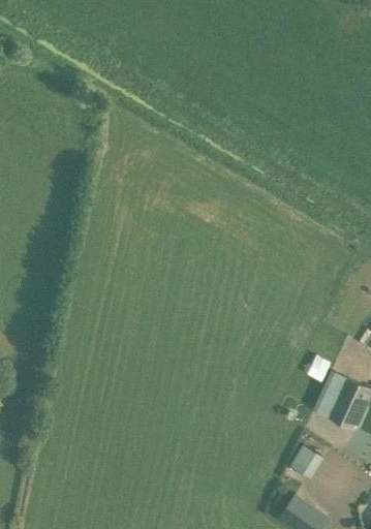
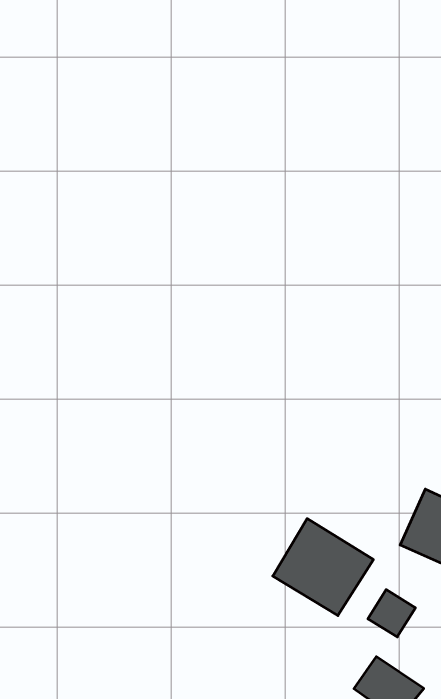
building: none -> [273,519,373,616]

